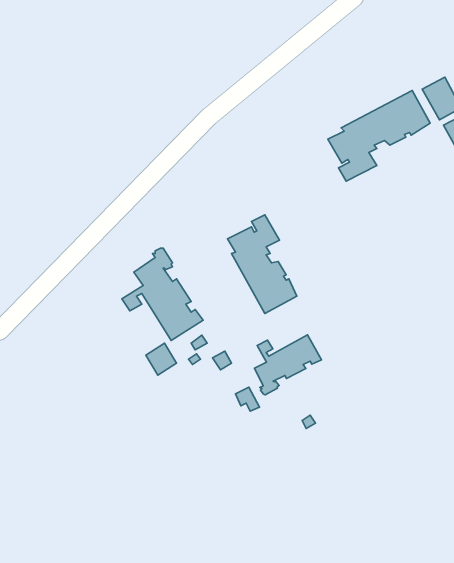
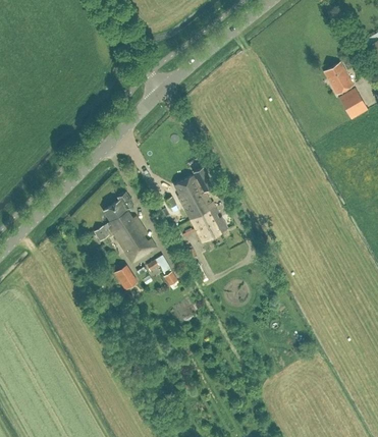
building: [328,90,430,181] -> none
building: [255,335,322,395] -> none

